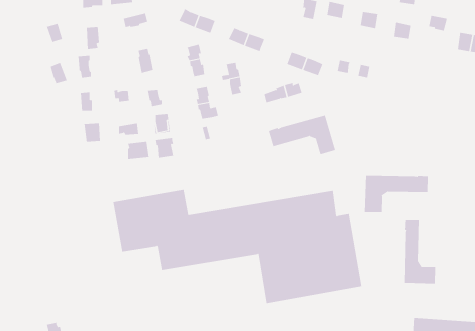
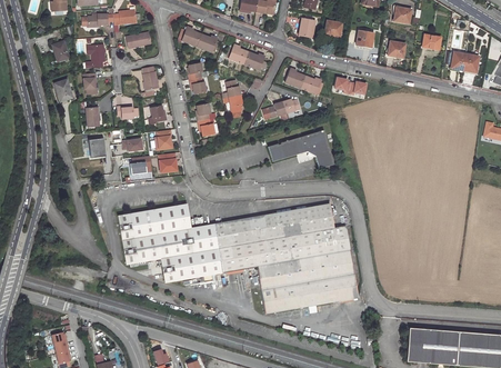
building: [364,175,429,213] -> none
building: [404,219,436,284] -> none

